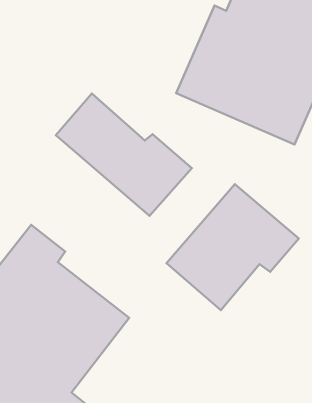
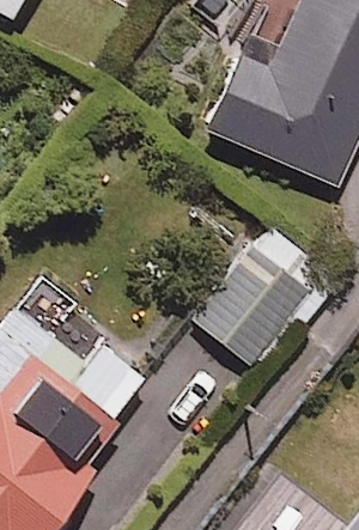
building: [56,94,192,216] -> none

